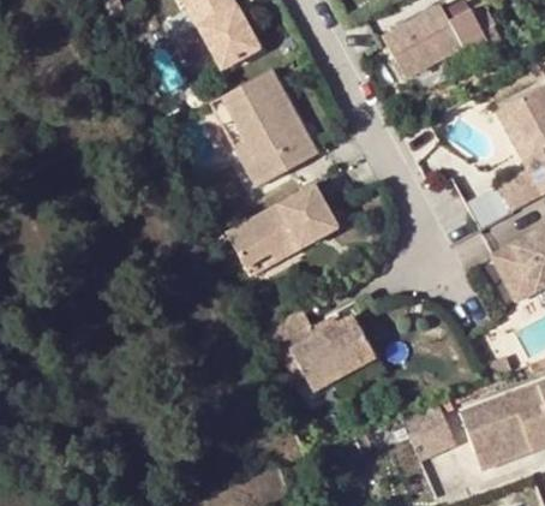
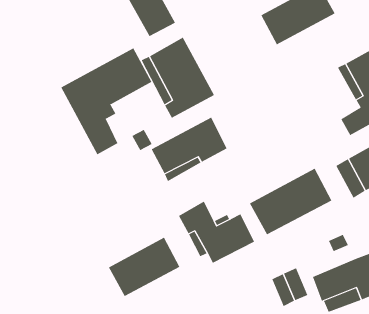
building: none -> [60,47,152,155]
building: none -> [249,168,332,235]
building: none -> [108,237,180,297]

